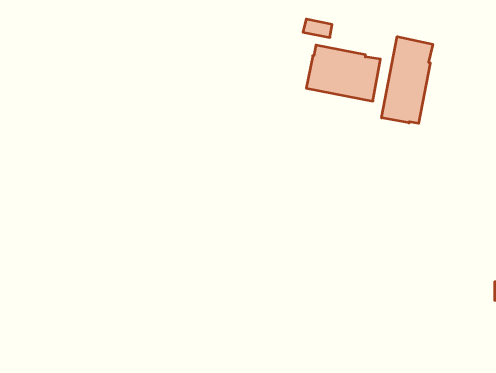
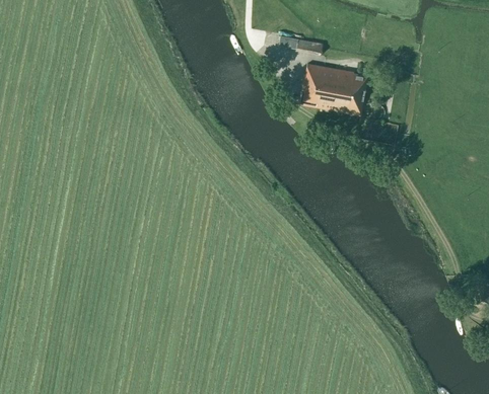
building: [382,37,433,123] -> none

